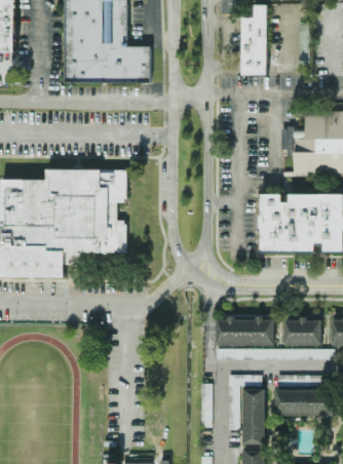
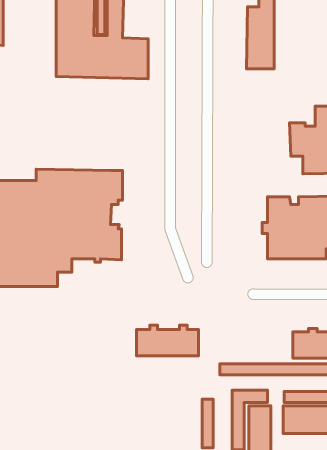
building: [216,315,273,344] -> [136,325,198,356]

